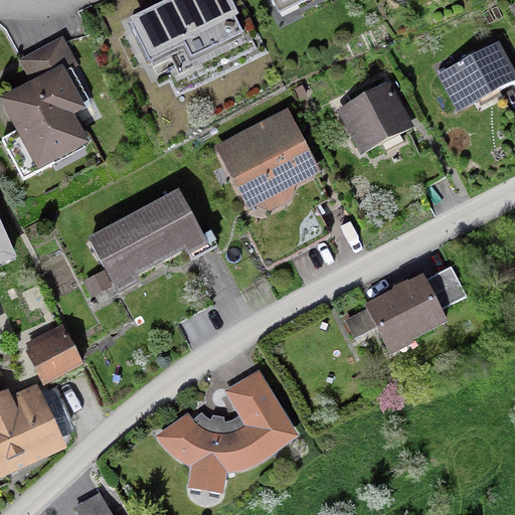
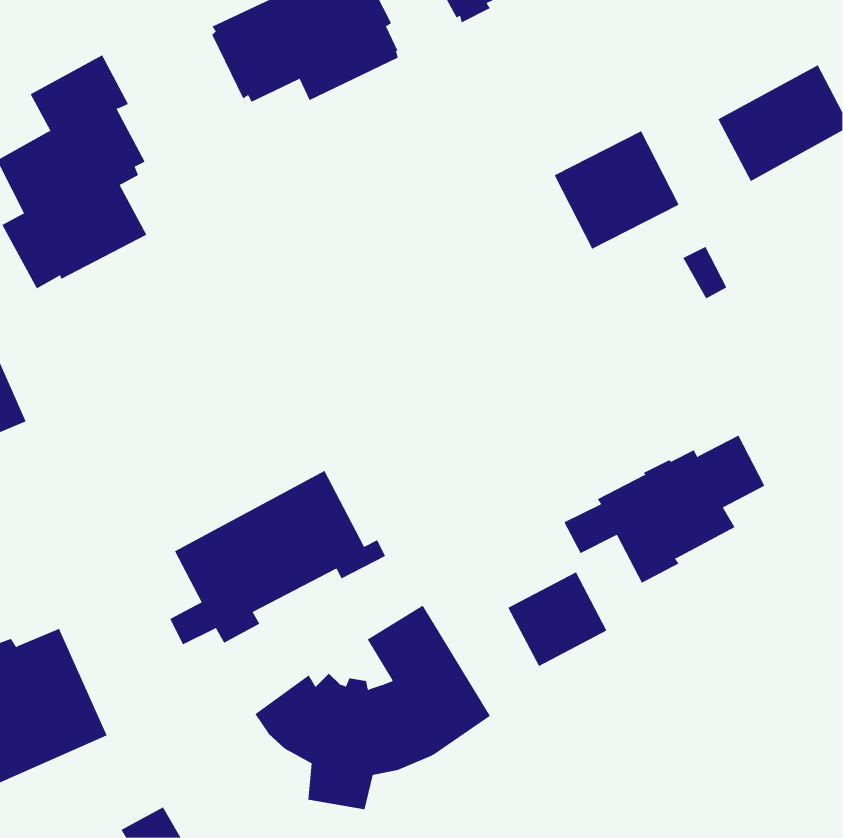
building: [214,107,320,211] -> none
building: [83,188,215,295] -> [169,470,386,645]
building: [25,323,82,384] -> none
building: none -> [508,572,607,667]

